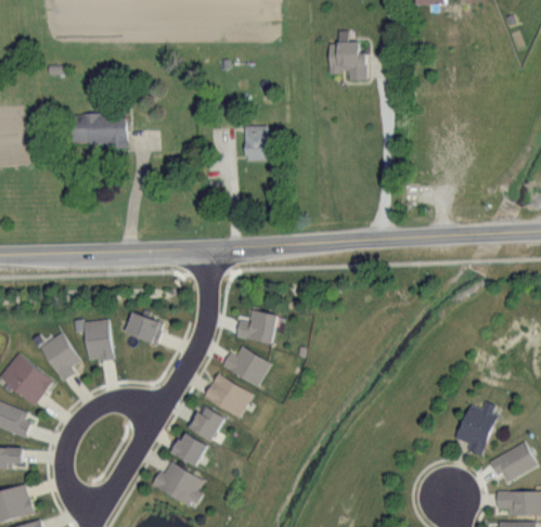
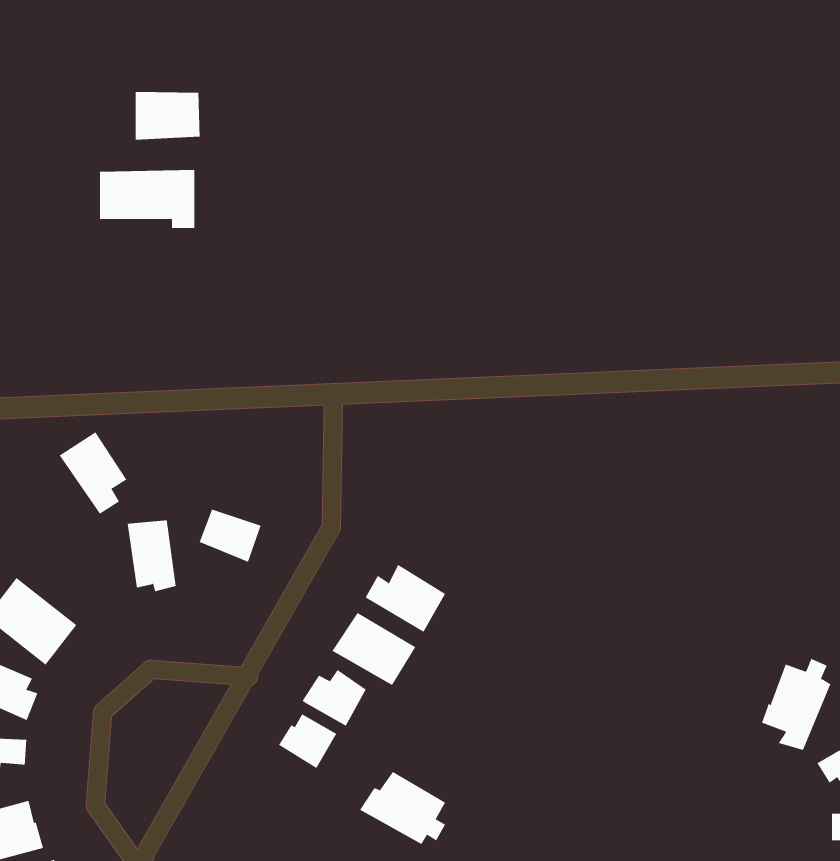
building: [325,30,363,80] -> none
building: none -> [135,91,200,141]
building: [242,126,266,159] -> none
building: [236,310,278,345] -> none
building: [40,333,80,382] -> [59,432,127,515]
building: [152,462,203,505] -> [359,771,446,845]

